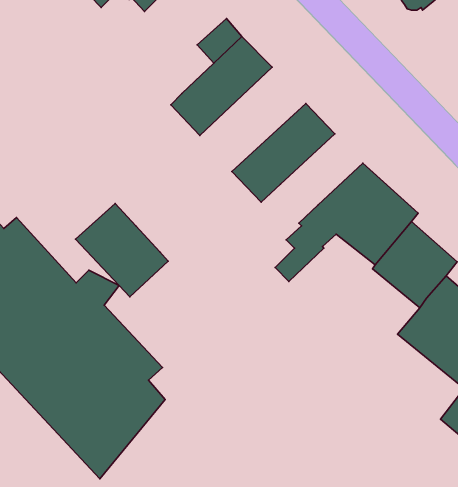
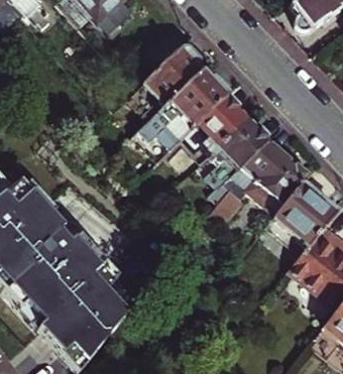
building: none -> [139,69,228,144]
building: none -> [210,117,269,168]
building: [76,204,168,297] -> none

